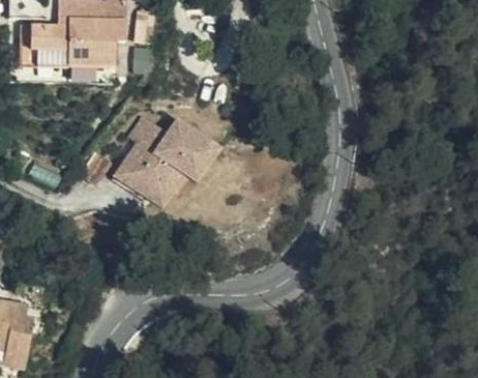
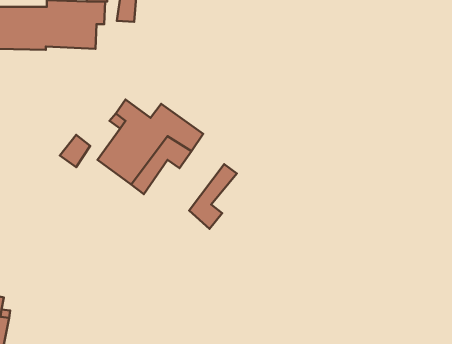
building: none -> [189,164,237,229]

